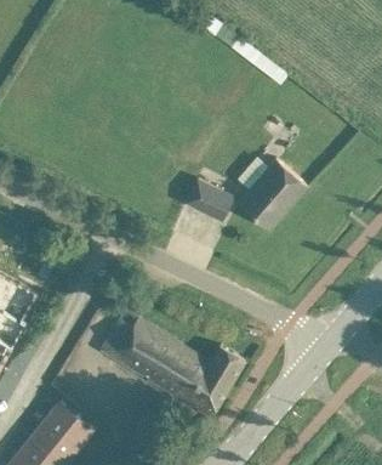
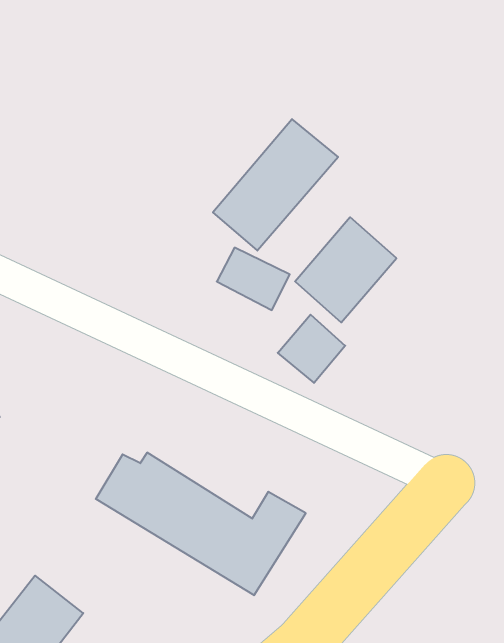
building: none -> [213,119,338,251]
building: none -> [278,315,345,383]

